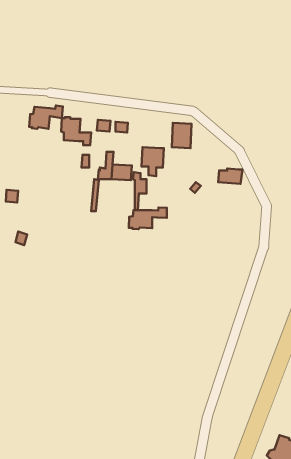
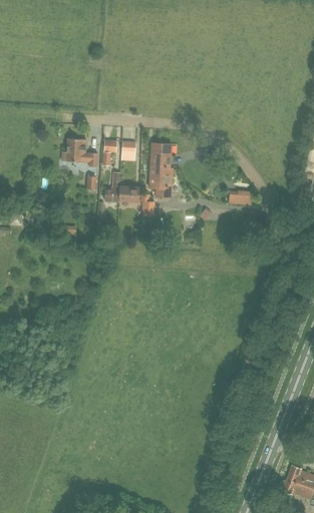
building: [29,105,63,129] -> none
building: [172,123,191,148] -> [149,142,170,168]
building: [129,207,167,229] -> none

